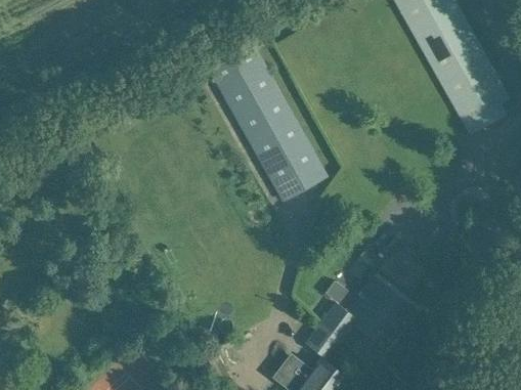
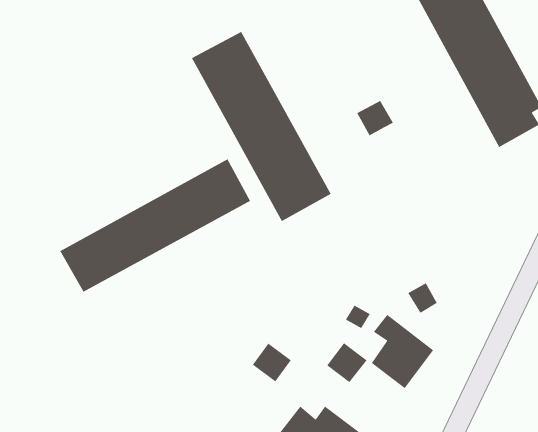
building: none -> [356,100,393,137]
building: none -> [59,158,251,293]
building: [307,327,342,361] -> [252,343,292,383]

